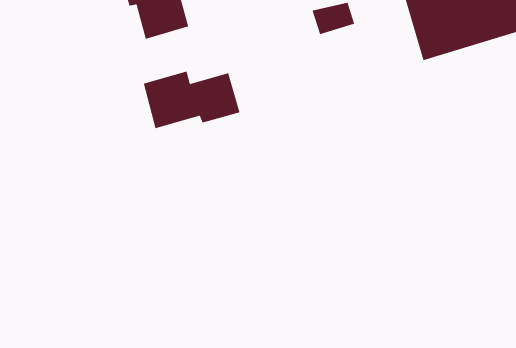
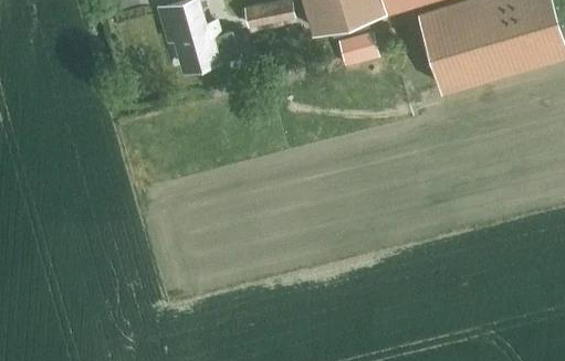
building: [143,71,240,129] -> none

